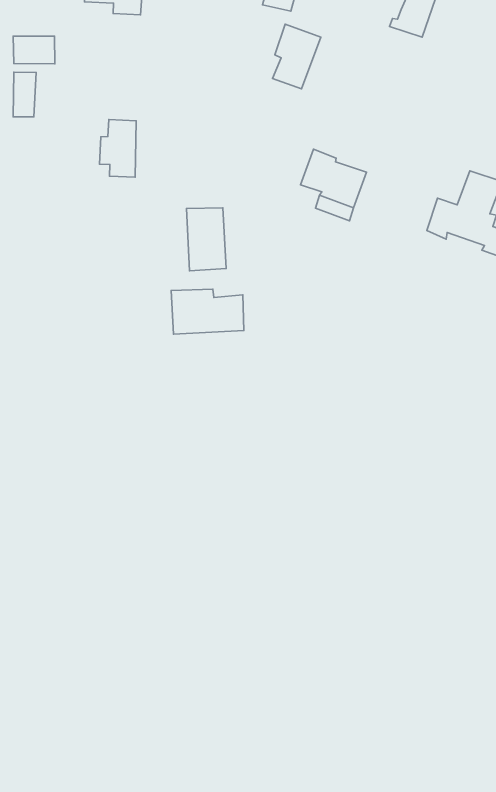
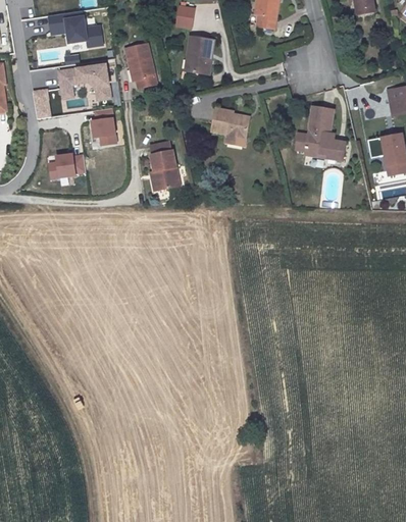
building: none -> [128,45,157,91]
building: none -> [60,64,111,99]
building: none -> [49,154,86,179]
building: [171,289,244,334] -> none

